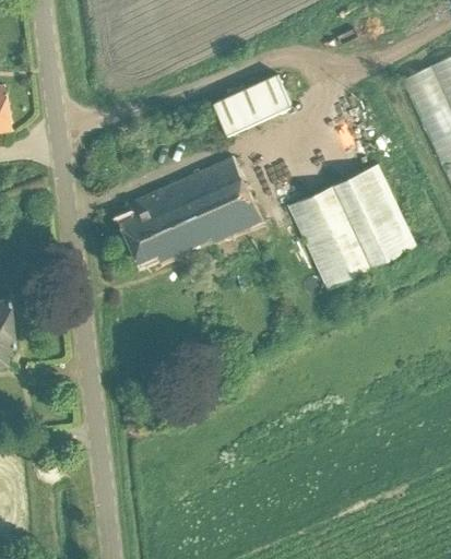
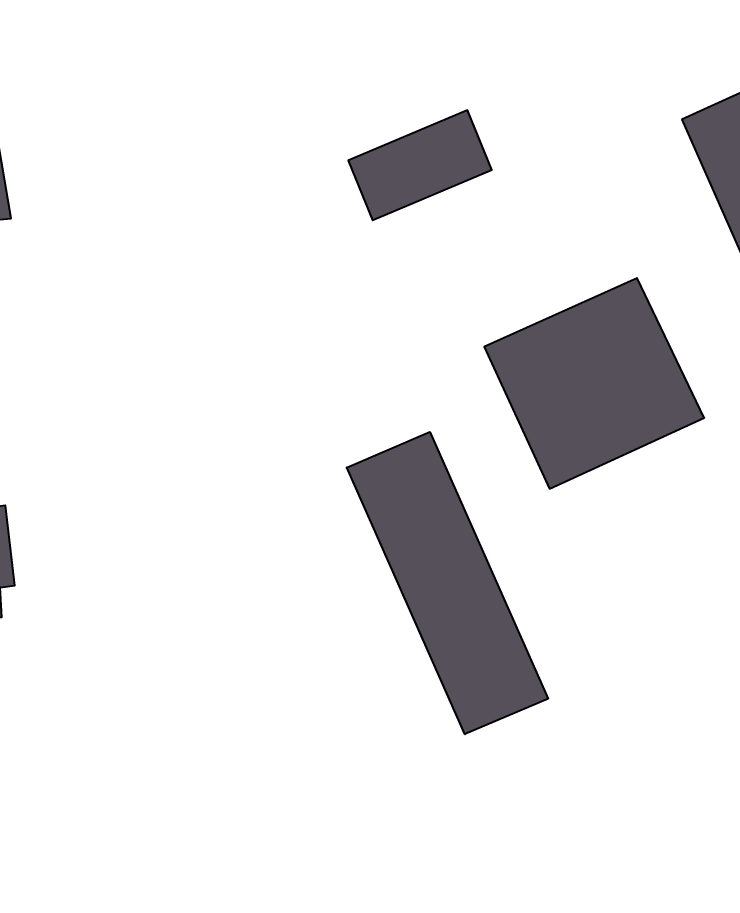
building: [121,158,262,263] -> none
building: none -> [347,432,548,734]

